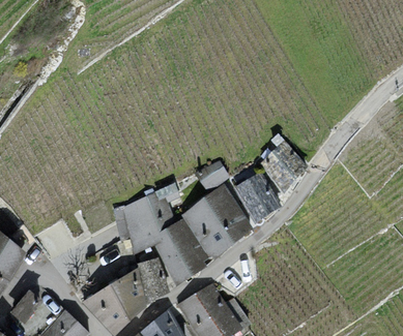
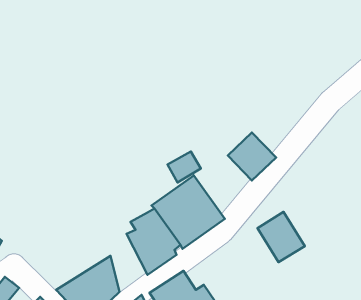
building: [233,172,282,223] -> [258,212,305,262]
building: [113,192,175,255] -> none
building: [136,257,169,305] -> none

